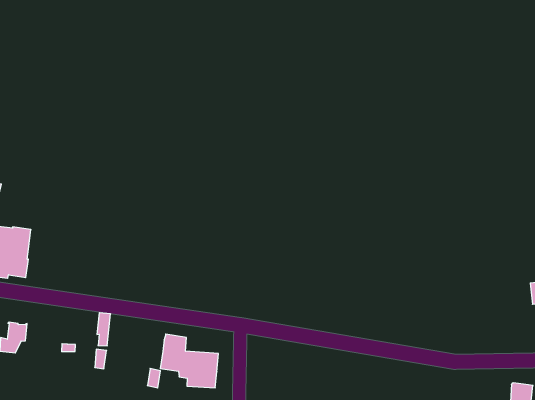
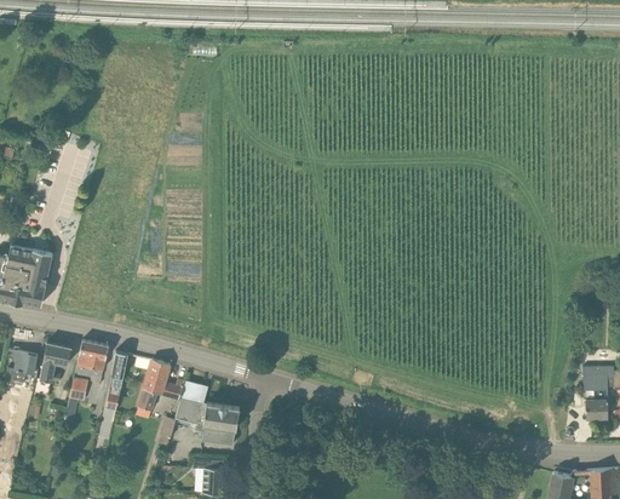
building: none -> [79,340,109,372]
building: none -> [39,343,71,382]
building: none -> [139,359,171,409]

